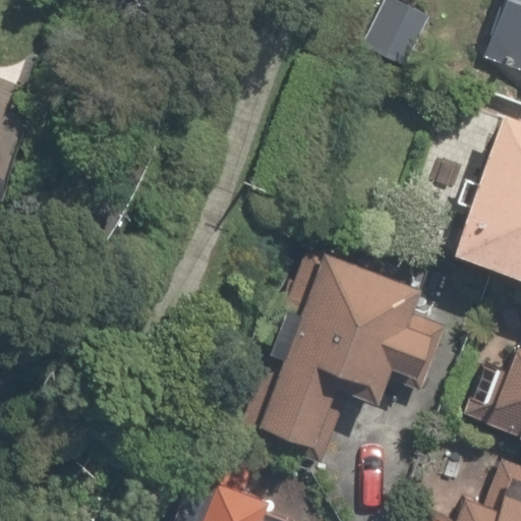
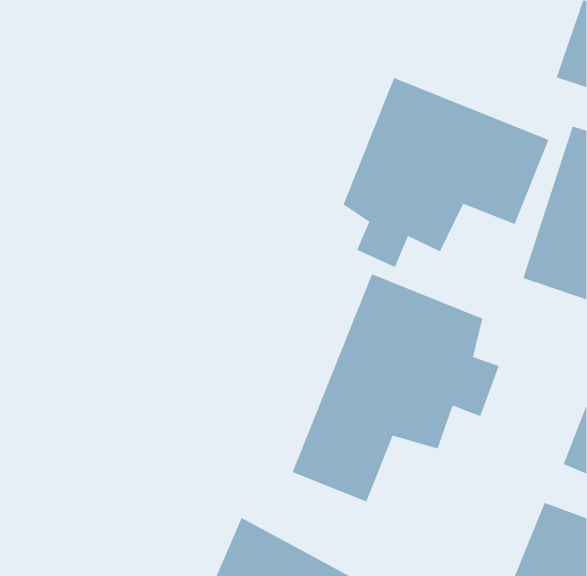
building: none -> [343,77,549,268]

